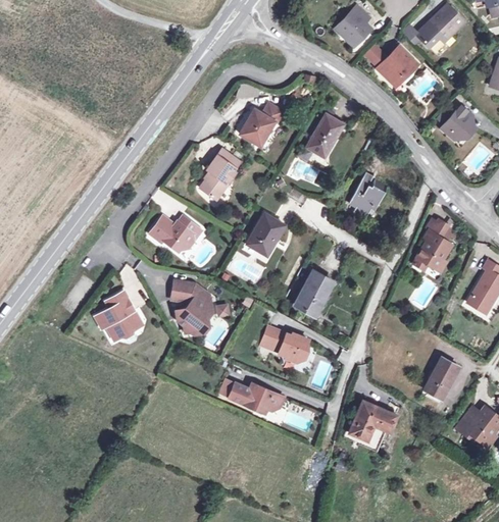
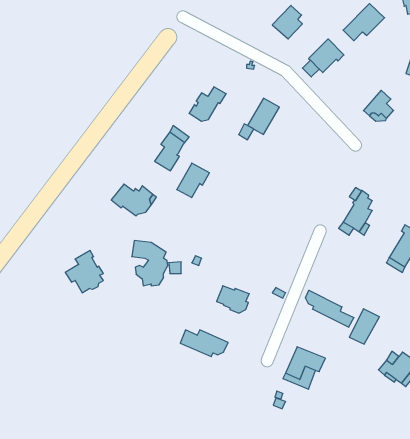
building: [348,172,387,219] -> none
building: [246,213,284,253] -> [177,163,209,198]
building: [295,271,332,313] -> none
building: none -> [305,290,354,327]

